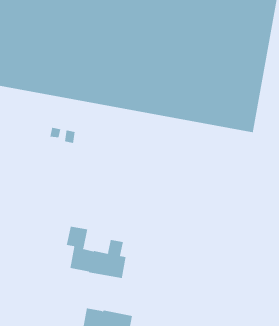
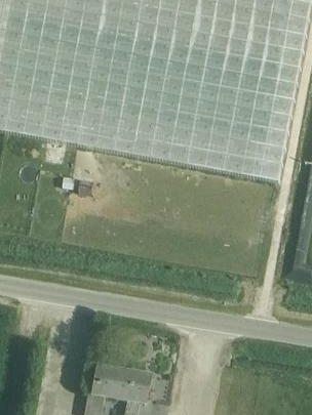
building: [66,226,126,279] -> none

